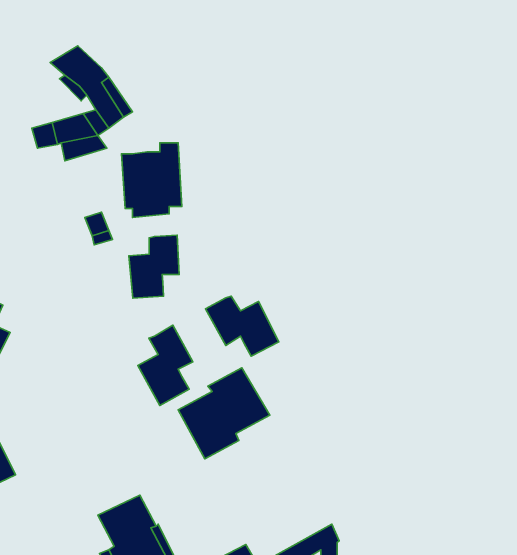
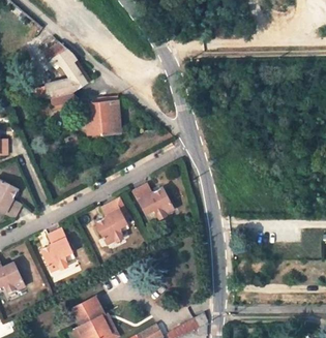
building: [129,235,179,298] -> none
building: [178,368,270,459] -> none
building: none -> [40,228,70,273]

